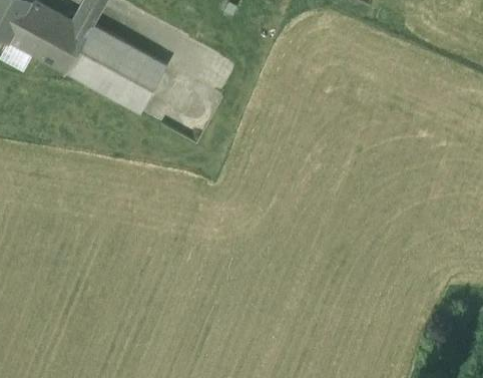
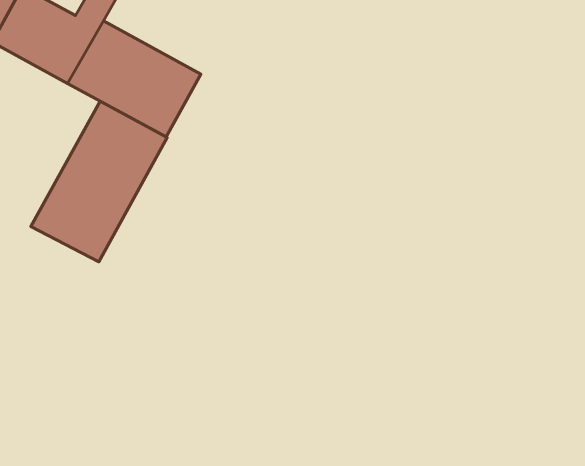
building: none -> [31,101,167,262]

